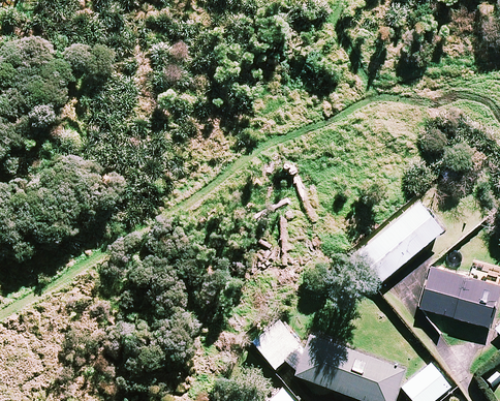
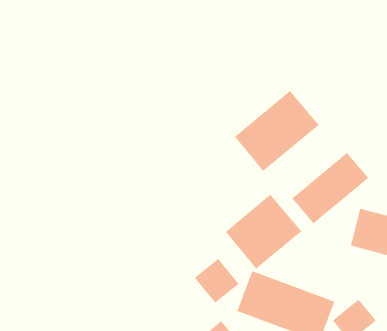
building: none -> [234,90,320,172]
building: none -> [225,194,302,269]

